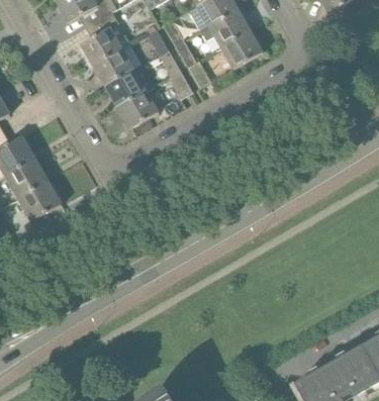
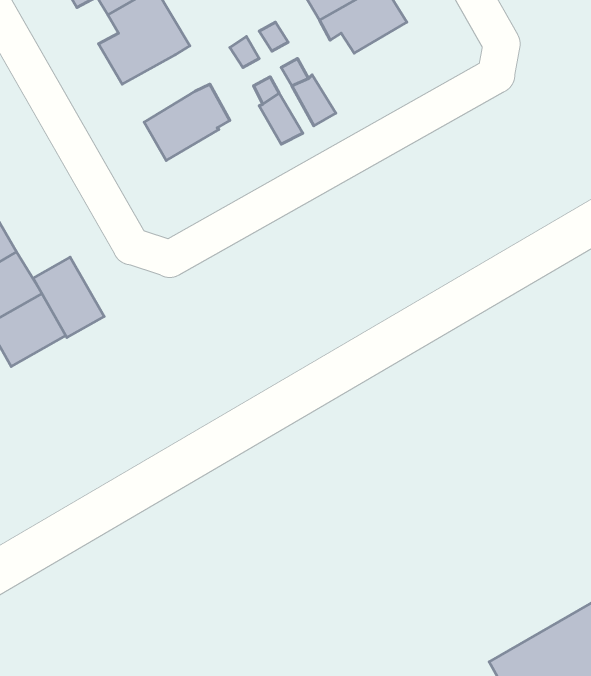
building: [220,28,262,67] -> none
building: [92,46,132,84] -> none
building: [116,88,158,126] -> none
building: none -> [33,257,104,338]

